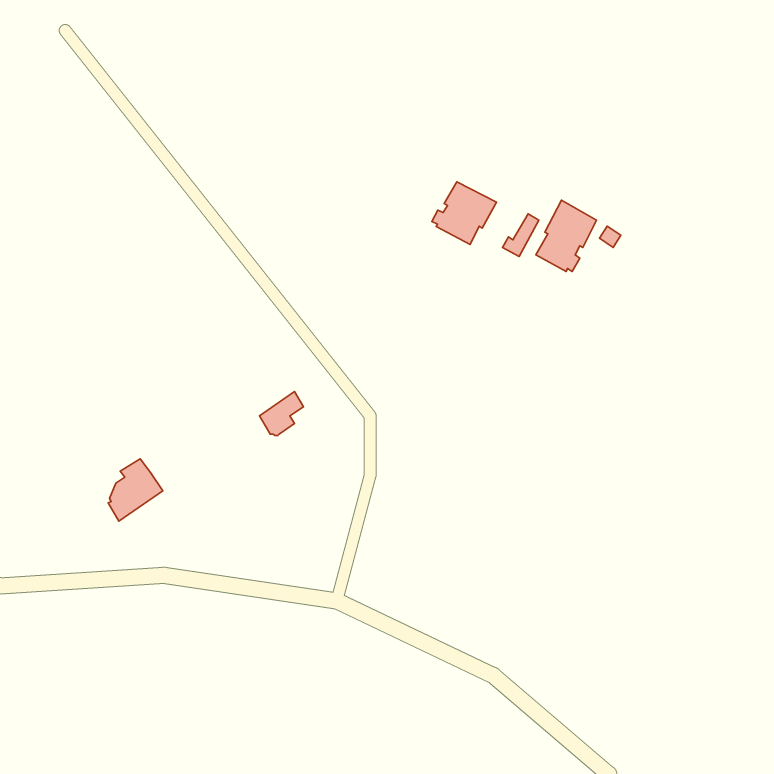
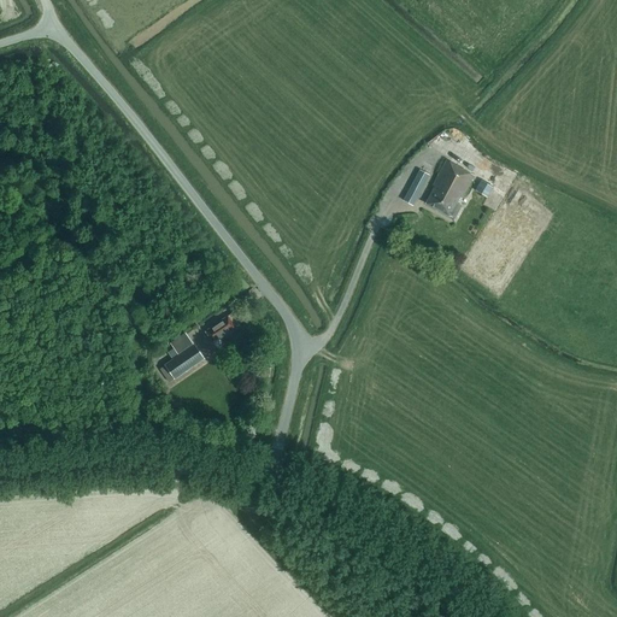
building: [432,182,496,244] -> none
building: [108,459,163,521] -> [161,333,205,382]

